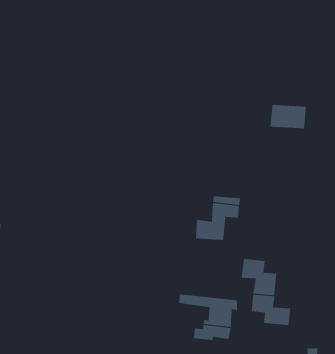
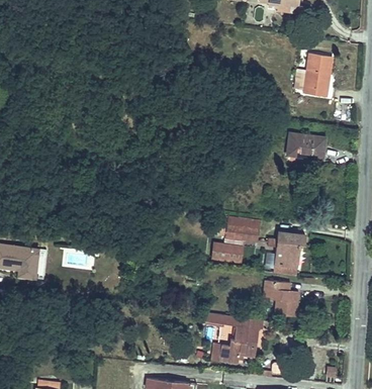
building: none -> [304,56,331,96]
building: none -> [268,231,299,265]
building: [251,294,291,326] -> none

